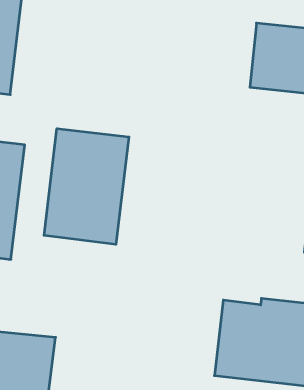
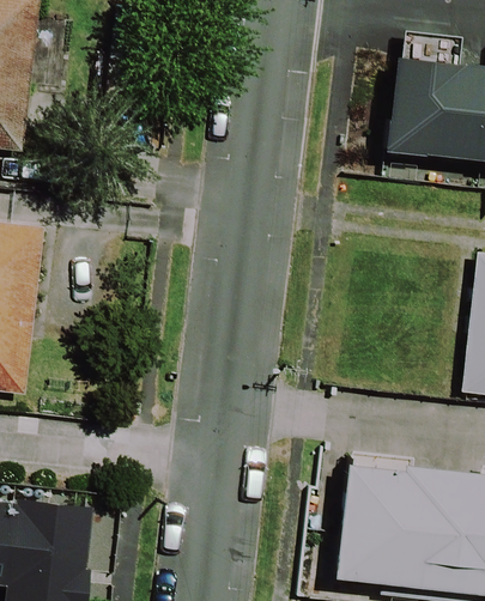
building: [44,129,129,244] -> none

